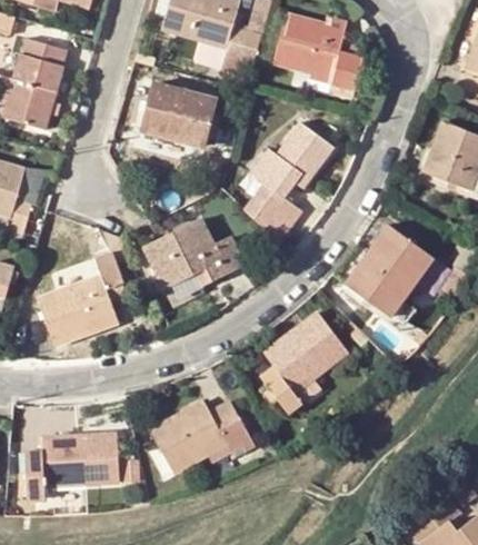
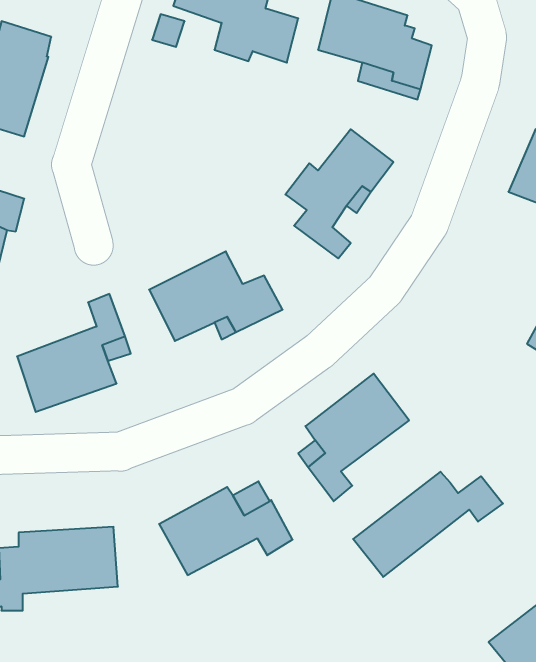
building: [141,83,217,147] -> none
building: [345,225,432,316] -> none
building: none -> [353,472,503,577]

